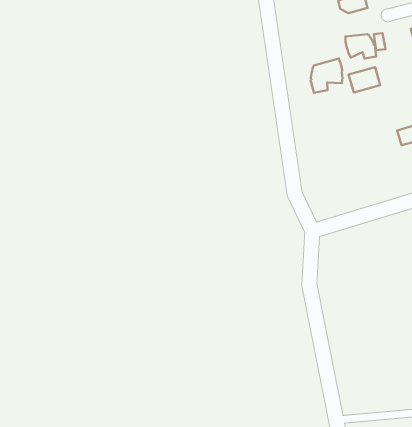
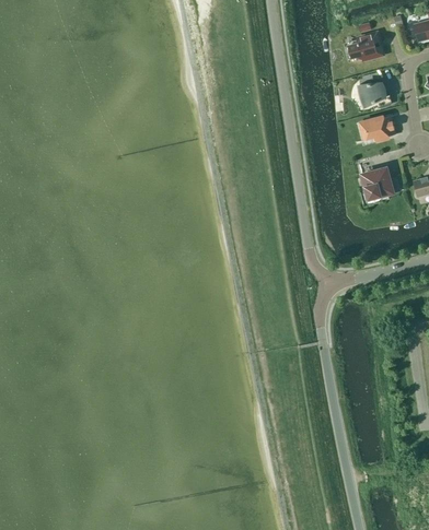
building: [311,58,342,93] -> none
building: none -> [359,167,393,205]

